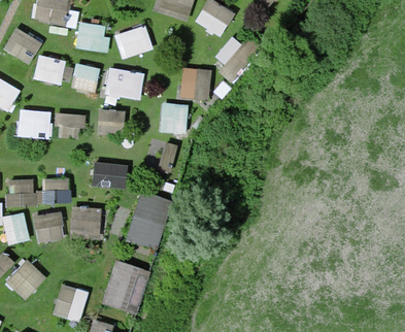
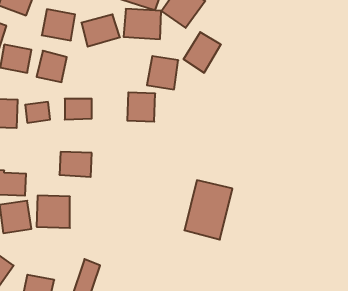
building: [105,68,142,98] -> [124,9,161,39]
building: [128,190,175,248] -> [184,180,232,240]

